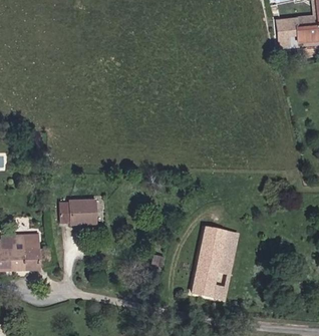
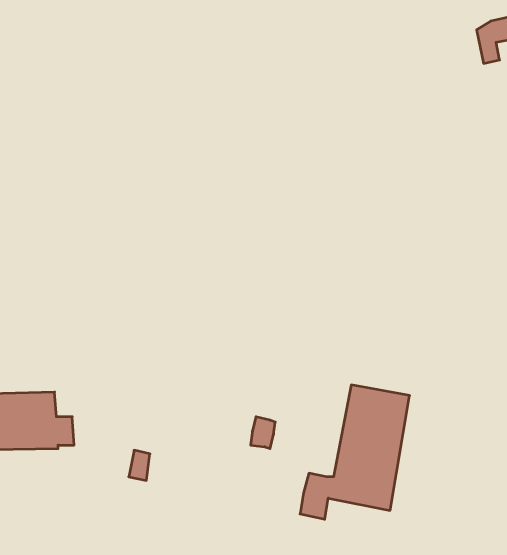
building: [61,199,97,221] -> none

